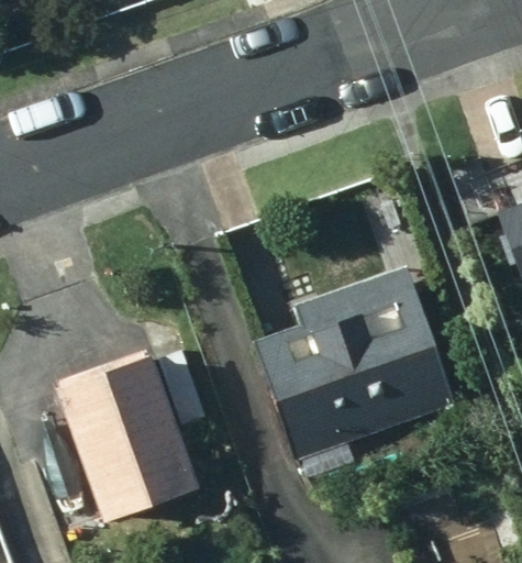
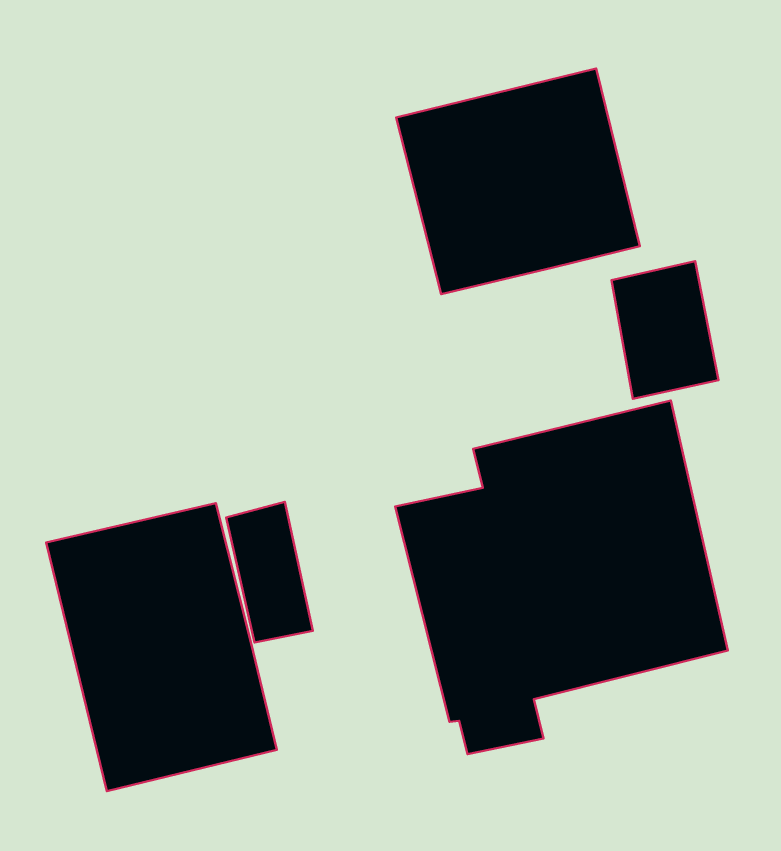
building: none -> [396,69,640,294]

